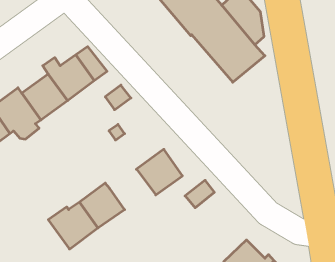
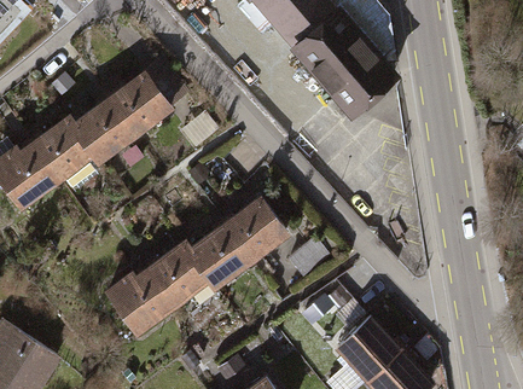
building: none -> [190,225,250,285]

